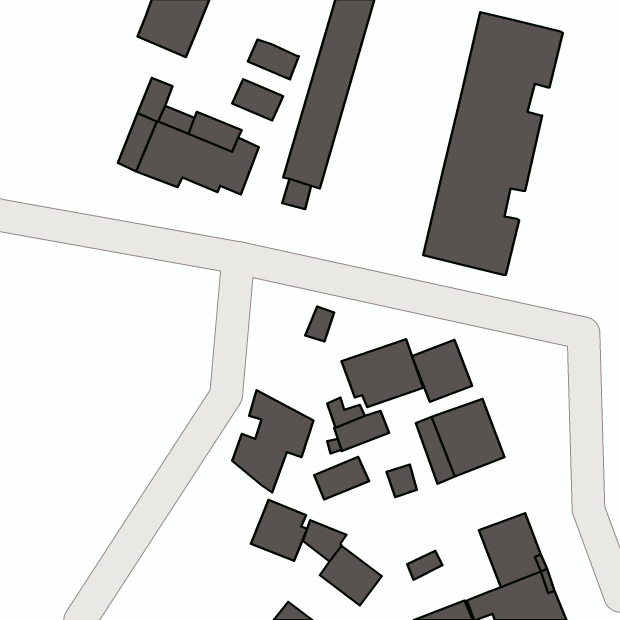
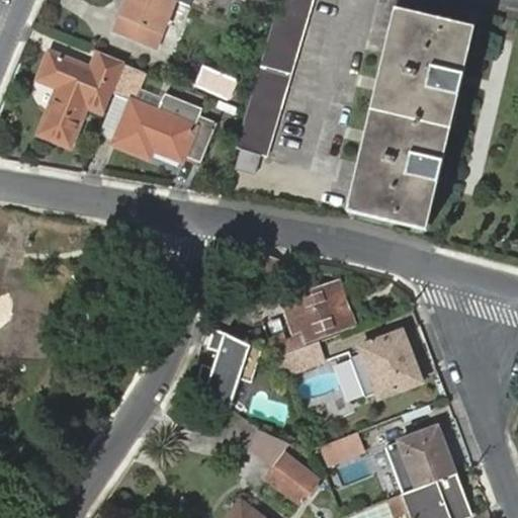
building: [248,39,299,80] -> none
building: none -> [39,51,124,145]
building: [412,340,472,402] -> none
building: [314,457,369,499] -> [320,432,365,467]
building: [251,500,307,561] -> none

